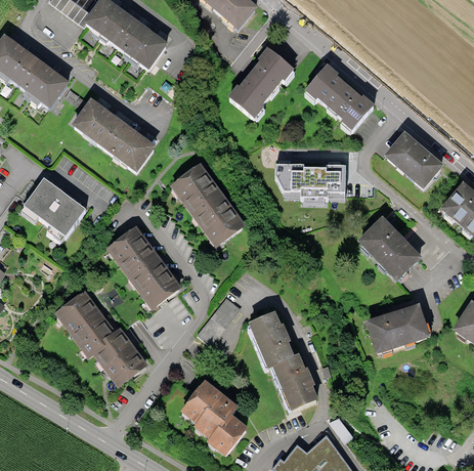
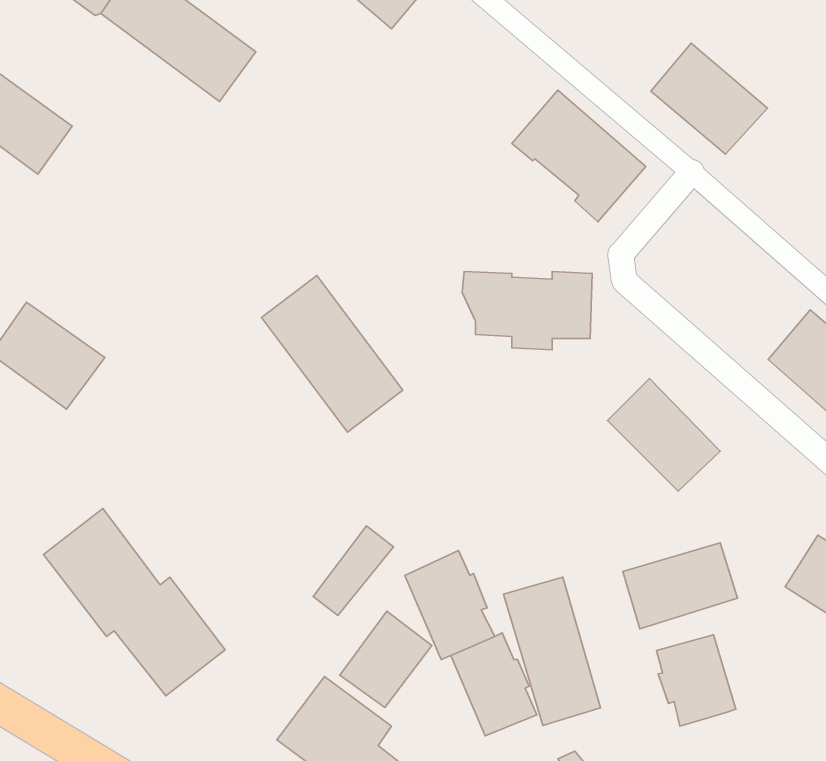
building: [228,49,295,120] -> none
building: [72,98,156,171] -> none
building: [383,130,445,189] -> [651,43,768,154]
building: [106,225,181,308] -> none
building: none -> [503,577,600,726]
building: none -> [340,611,432,708]
building: none -> [656,635,736,726]

